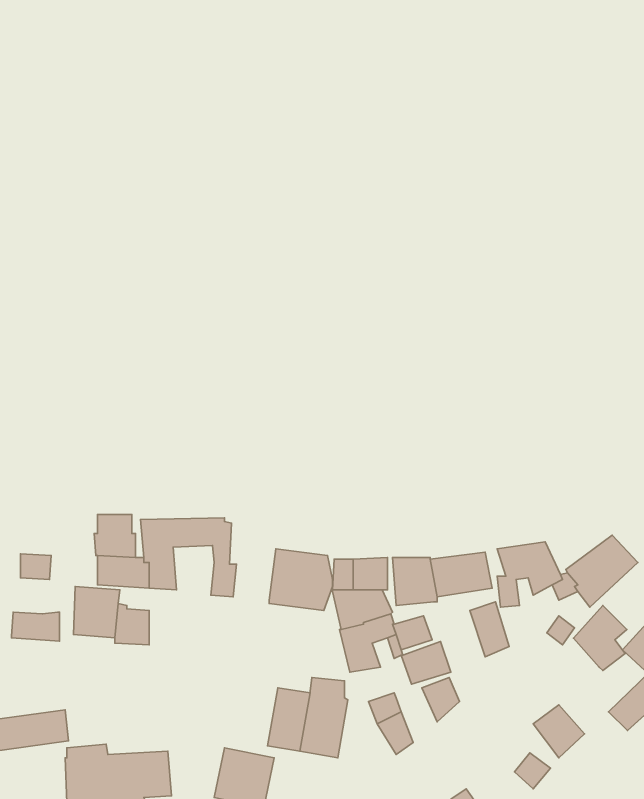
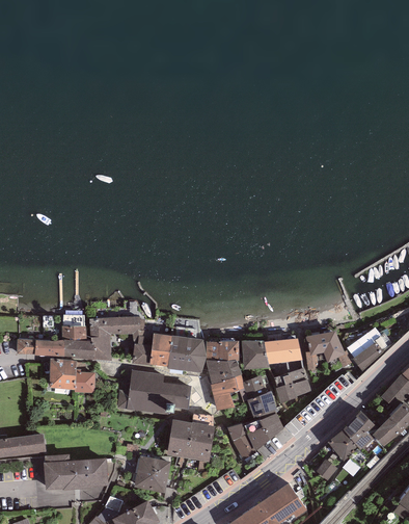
building: none -> [149,333,171,366]
building: none -> [117,369,191,414]
building: [574,605,627,671] -> [343,410,375,449]
building: none -> [274,372,298,408]
building: [12,612,60,641] -> [34,339,63,357]
building: none -> [244,419,269,452]

